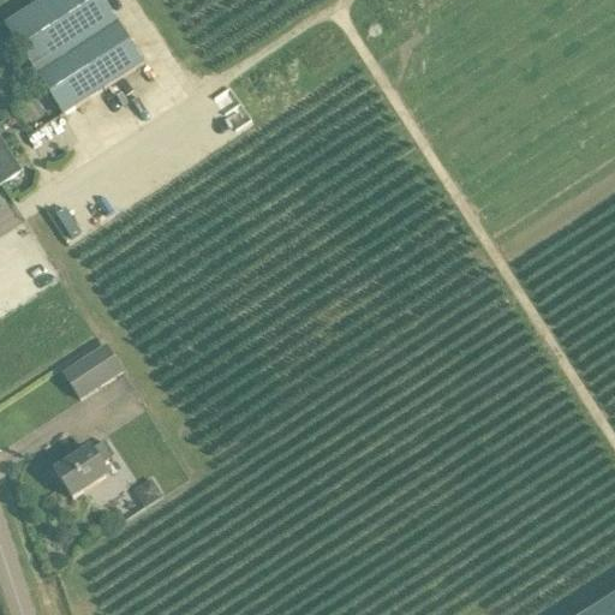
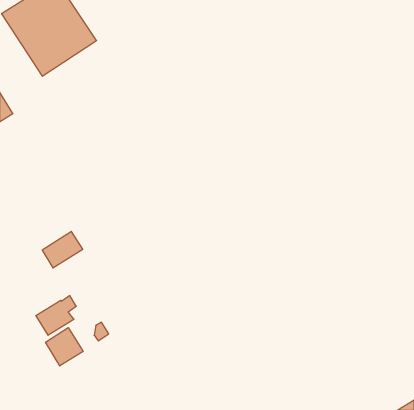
building: none -> [46,328,83,366]

